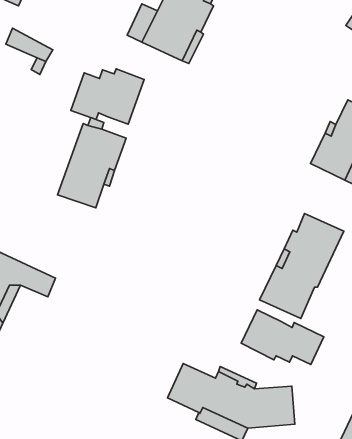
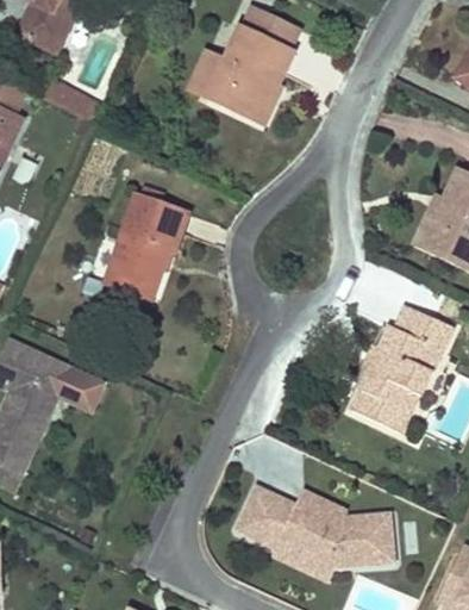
building: [71,69,144,124] -> none
building: [241,310,324,365] -> none

